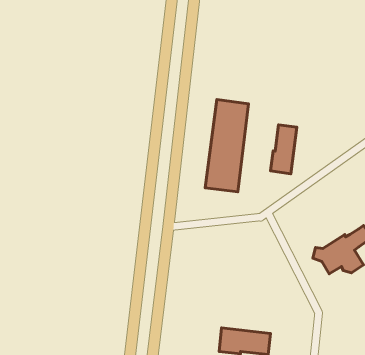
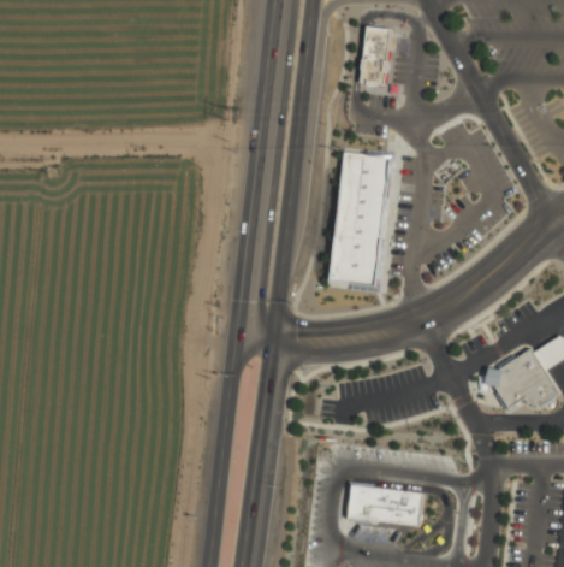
building: none -> [361,25,392,84]
building: [271,125,297,174] -> none

